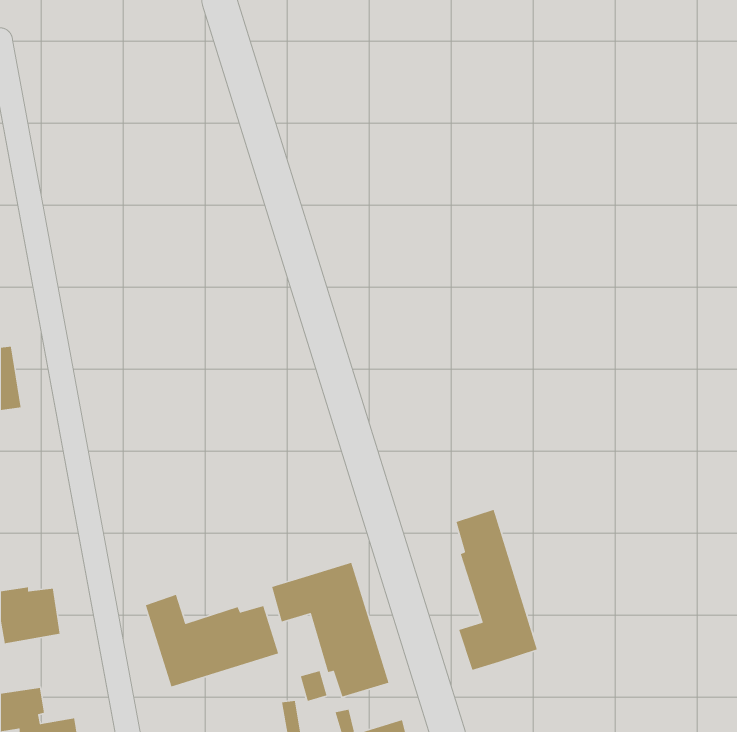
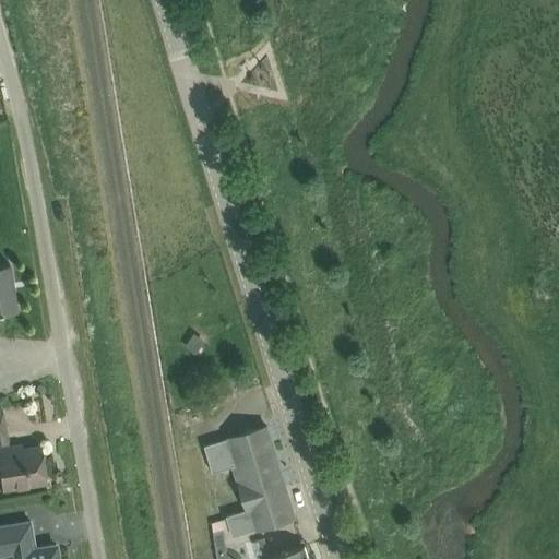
building: [455,509,538,671] -> none
building: [145,594,279,687] -> none

